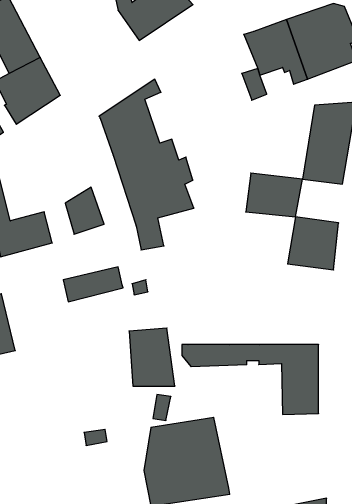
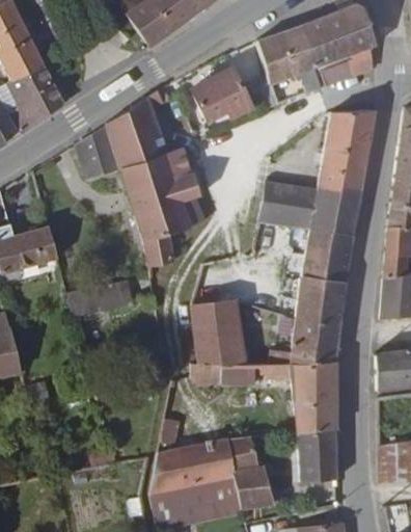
building: none -> [192,65,251,118]
building: none -> [310,190,359,236]
building: [65,187,104,234] -> [80,127,120,176]
building: none -> [273,278,350,363]
building: [129,328,175,386] -> [194,302,242,363]
building: none -> [297,434,336,484]
building: none -> [225,437,272,512]

